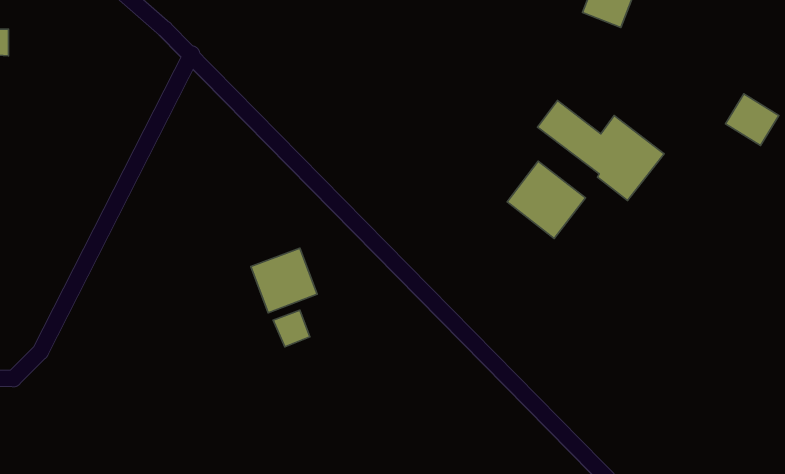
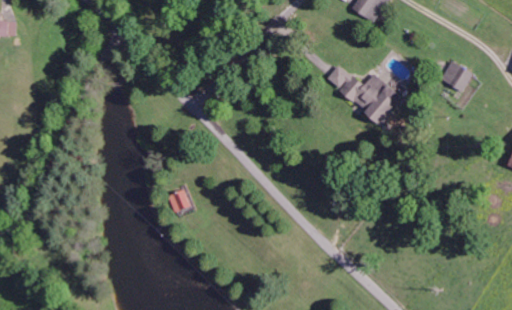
building: [507,161,585,238] -> none
building: [251,248,317,313] -> none

